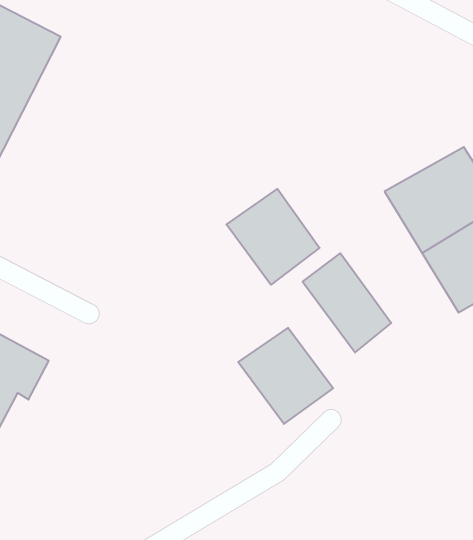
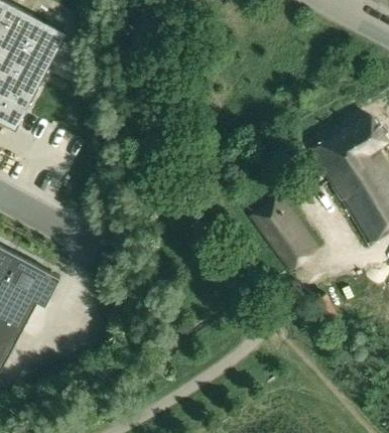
building: [226,189,320,285] -> none
building: [238,328,333,424] -> none

